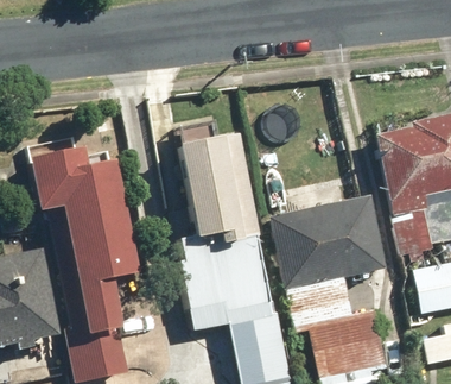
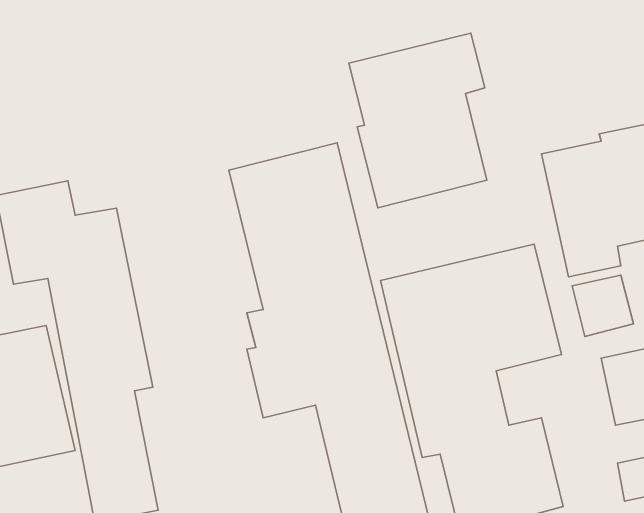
building: none -> [349,33,487,208]

